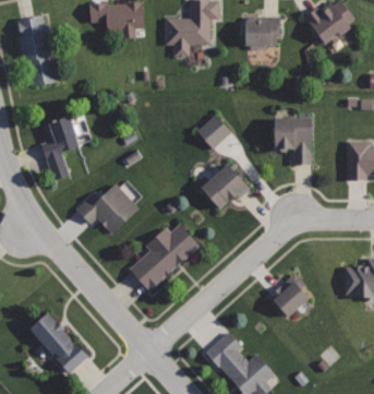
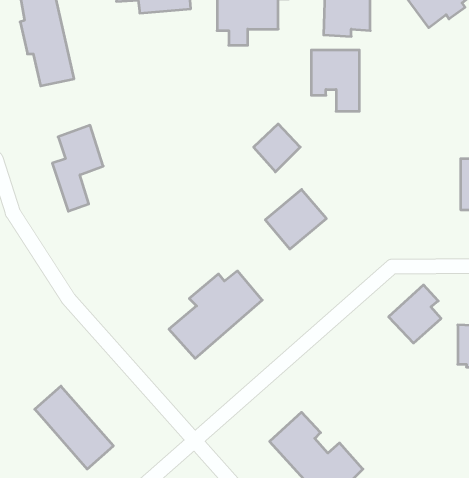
building: [275,118,311,164] -> [311,50,359,111]
building: [75,183,137,232] -> none
building: [268,272,307,315] -> [389,285,441,343]

